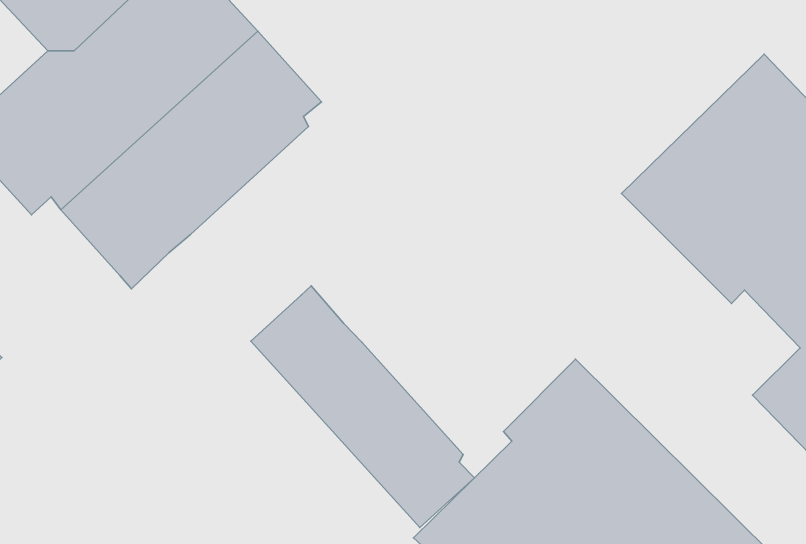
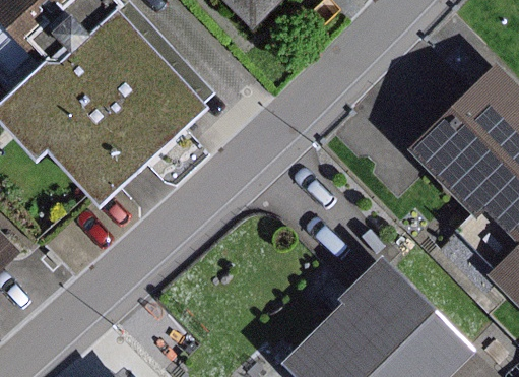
building: [251,286,474,527] -> none

